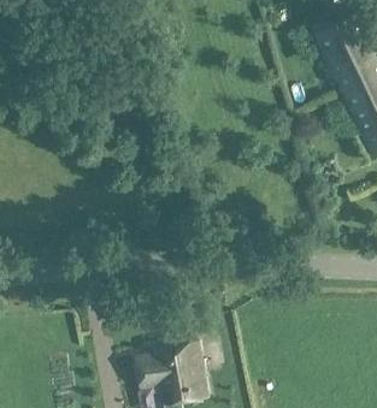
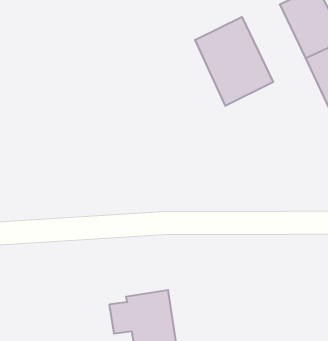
building: none -> [195,17,273,106]

